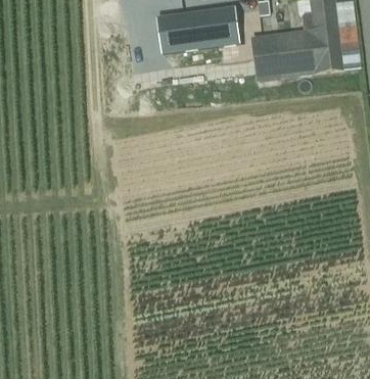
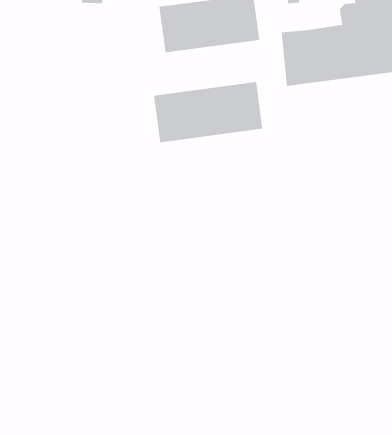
building: none -> [154,81,263,143]

